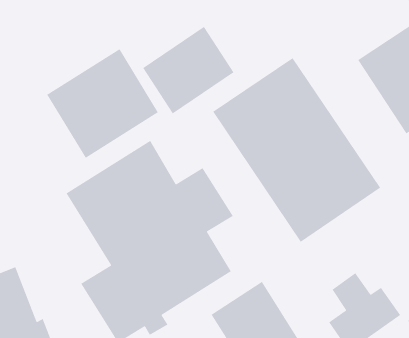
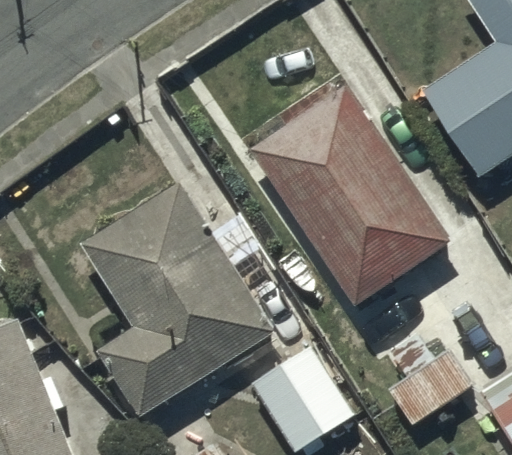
building: [142,26,235,114] -> none
building: [46,48,159,159] -> none

